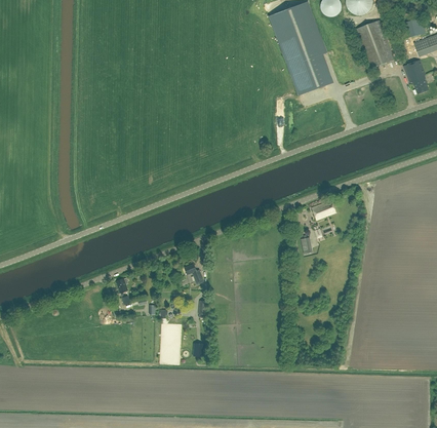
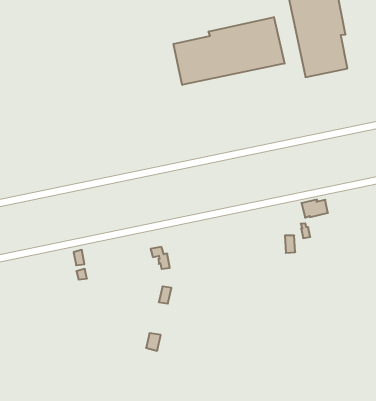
building: none -> [174,17,285,85]

